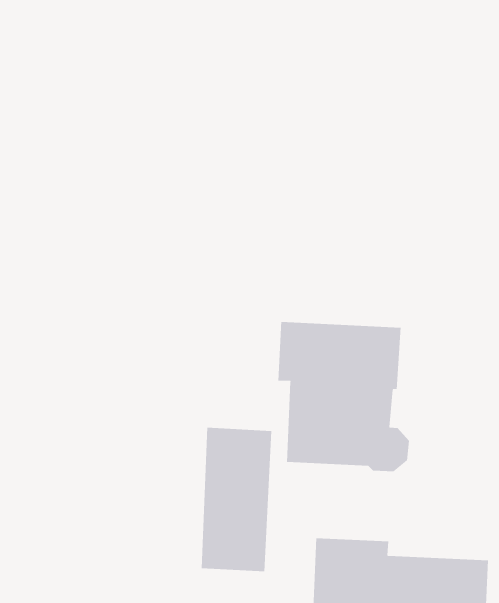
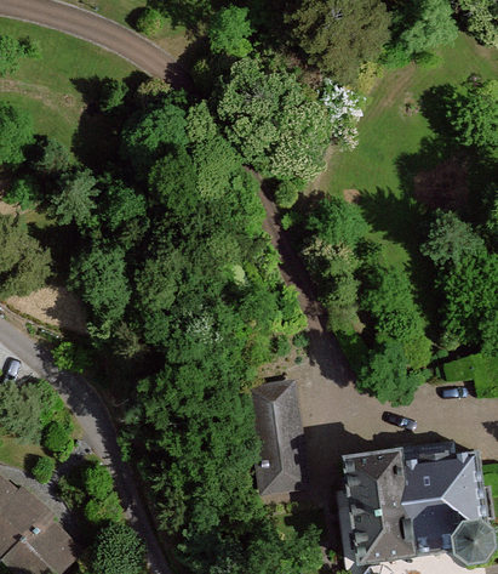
building: [278,321,410,472] -> none

